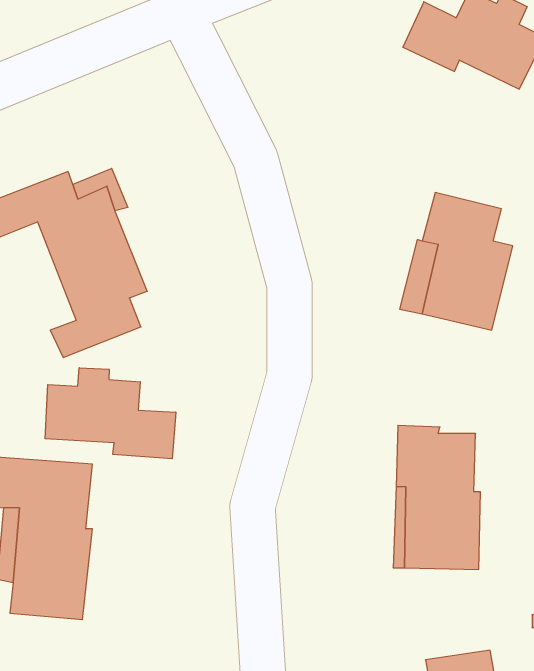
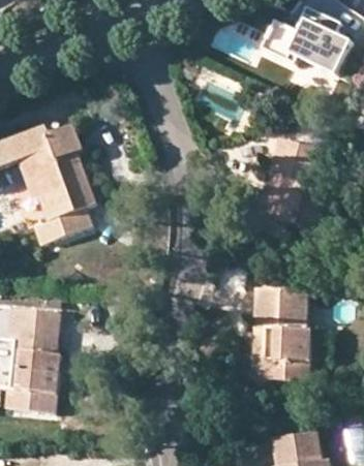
building: [45,368,176,459] -> none

